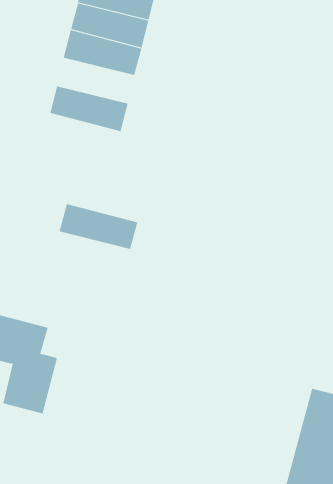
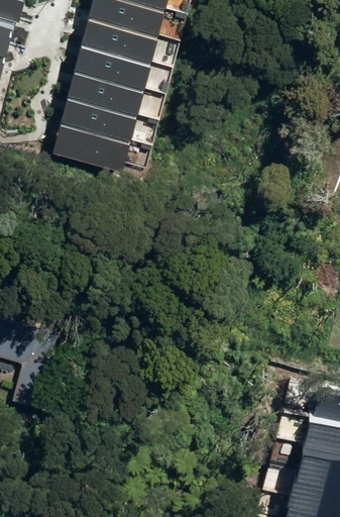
building: none -> [70,70,145,114]
building: [59,204,138,249] -> [55,123,132,168]

